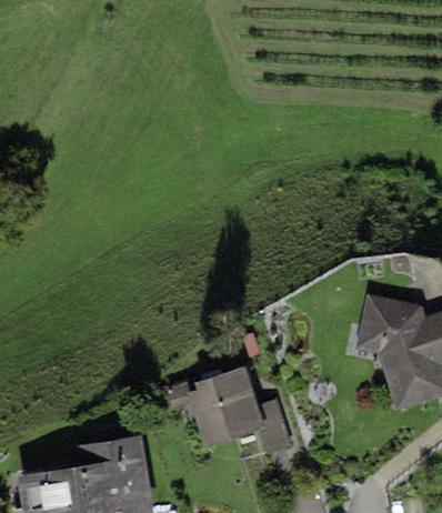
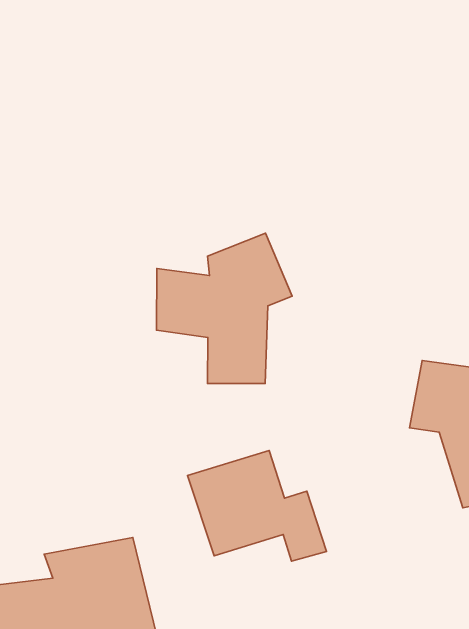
building: none -> [156,233,292,384]

